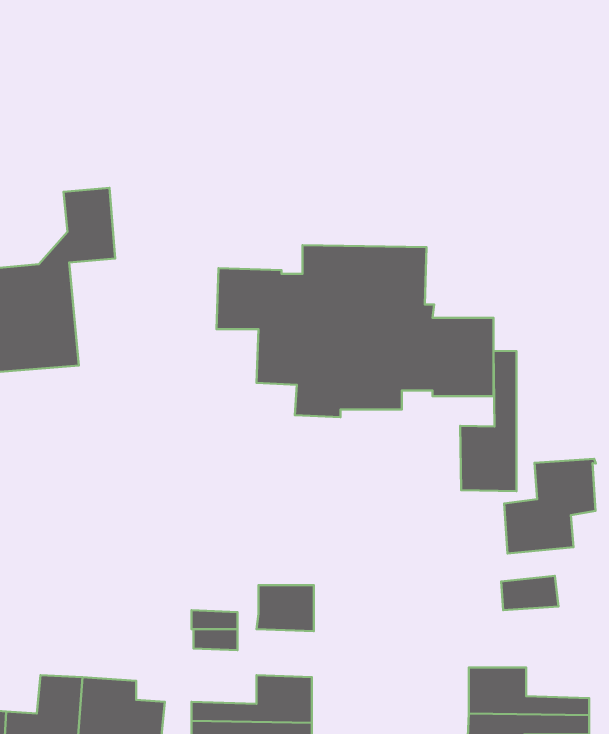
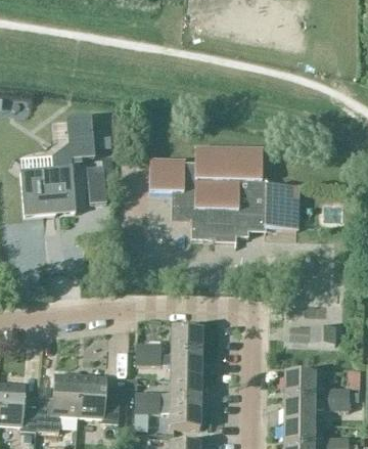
building: none -> [88,166,107,203]
building: [460,351,517,491] -> none
building: [504,459,596,553] -> none
building: none -> [171,353,201,378]

